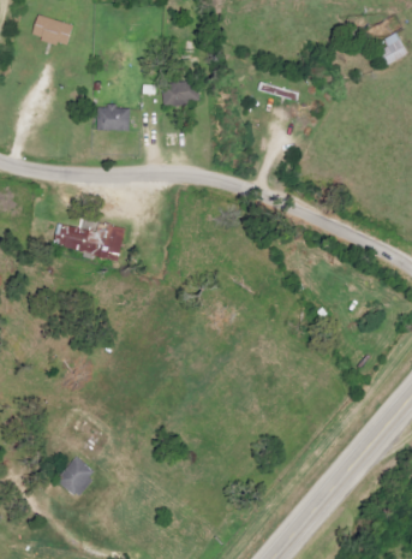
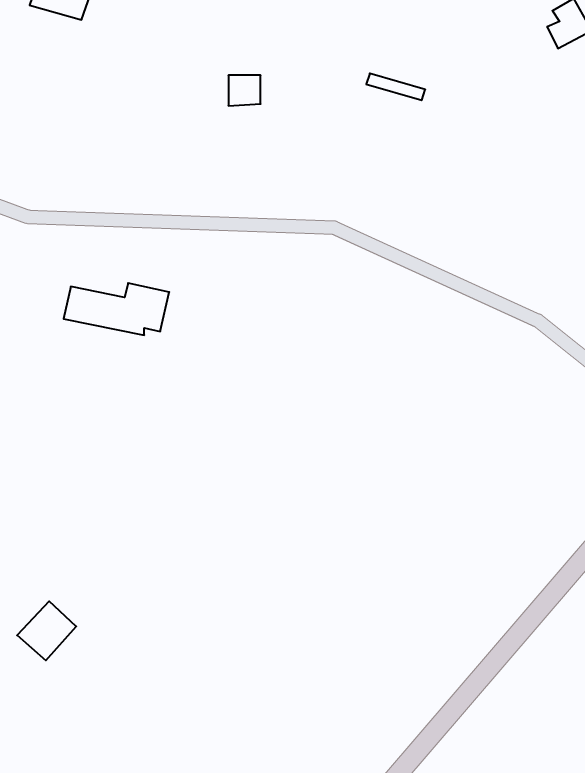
building: [96,107,130,131] -> none
building: [55,457,95,496] -> [17,601,76,660]

